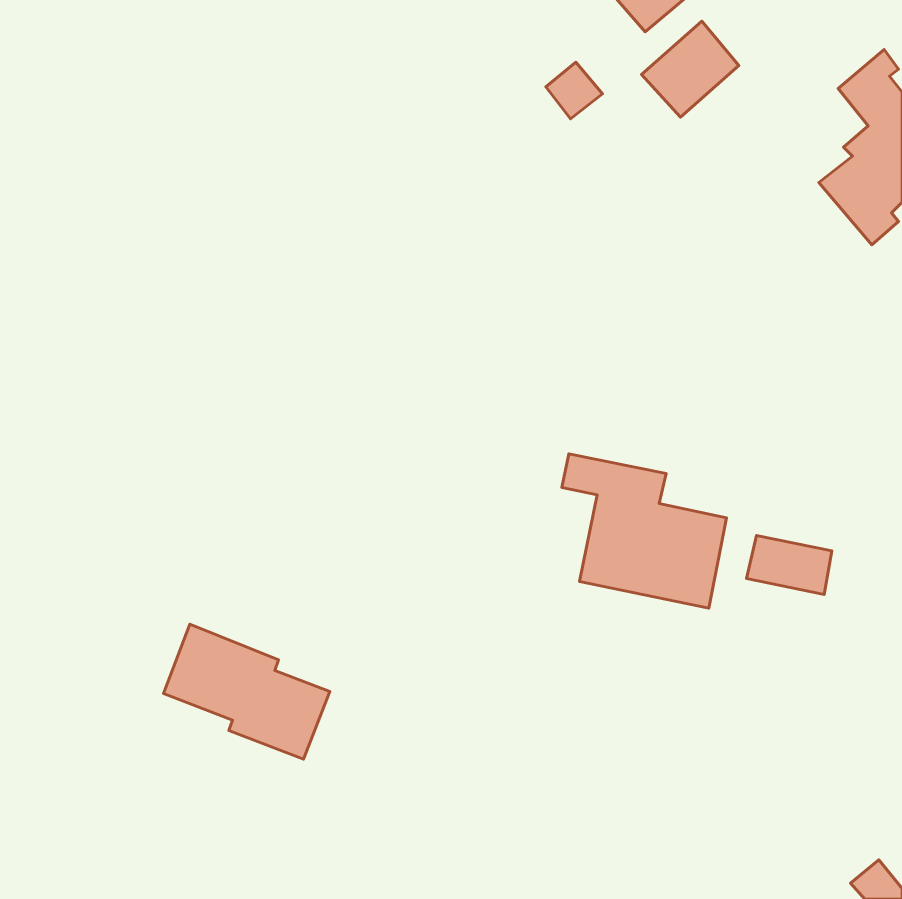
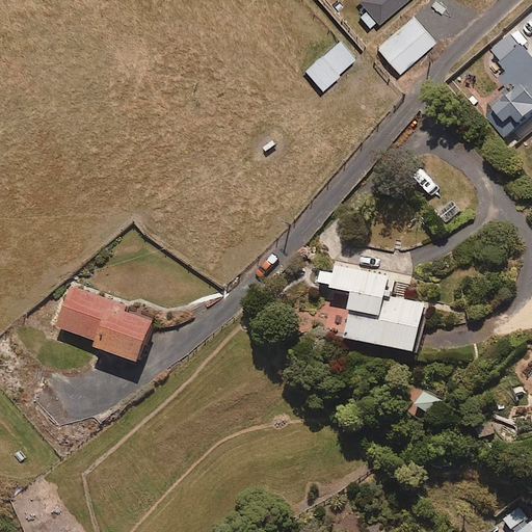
building: [747,535,832,595] -> none
building: [163,624,330,759] -> [58,286,156,365]

